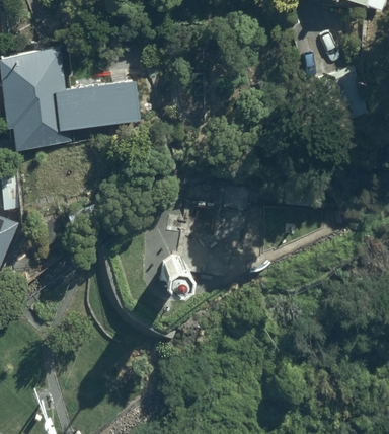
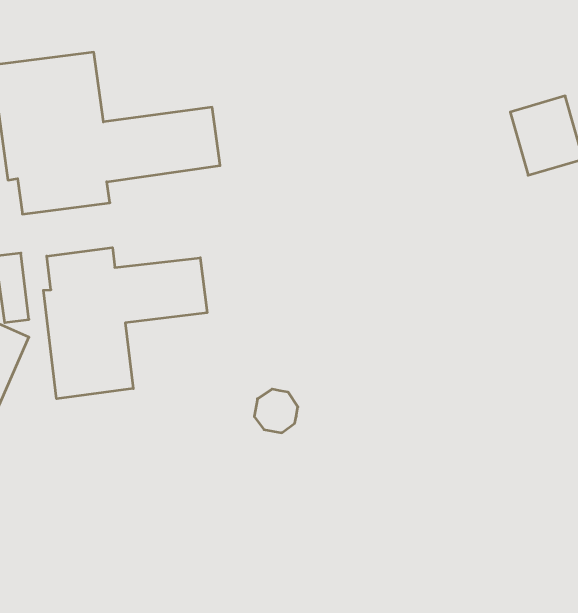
building: none -> [43,248,207,399]

